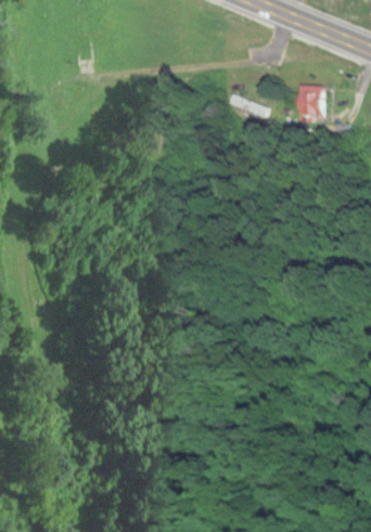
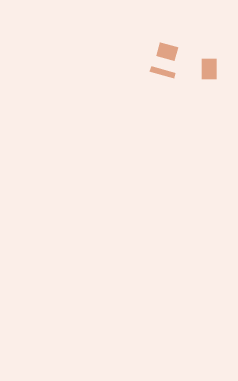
building: none -> [155,41,179,62]

